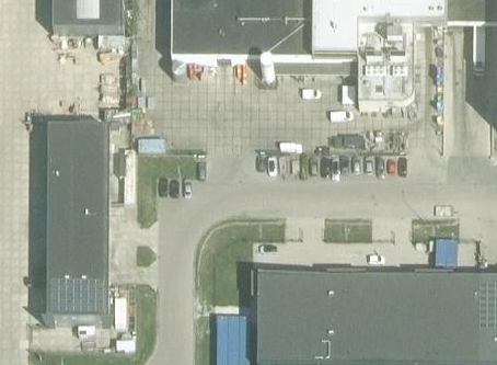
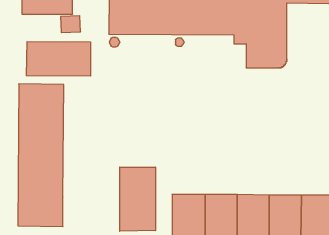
building: none -> [26,42,91,76]
building: none -> [120,167,155,231]

